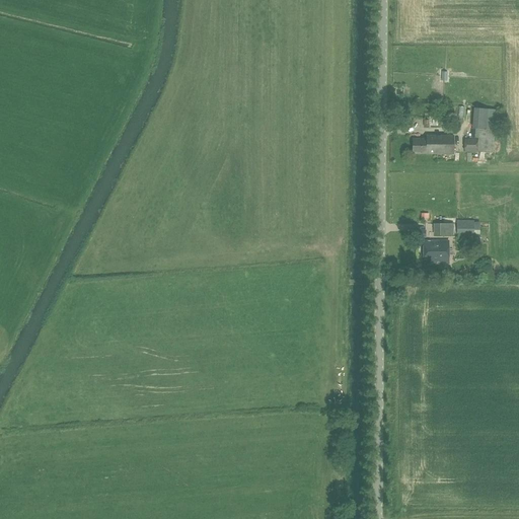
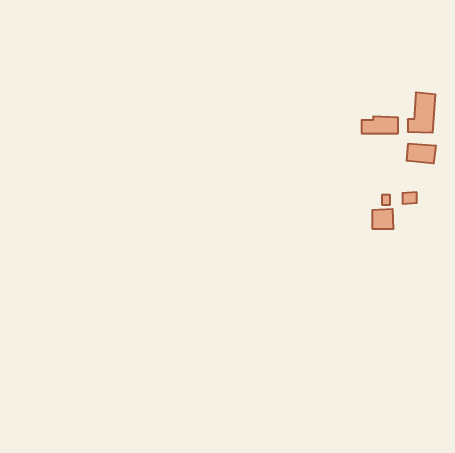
building: none -> [407,144,436,164]

